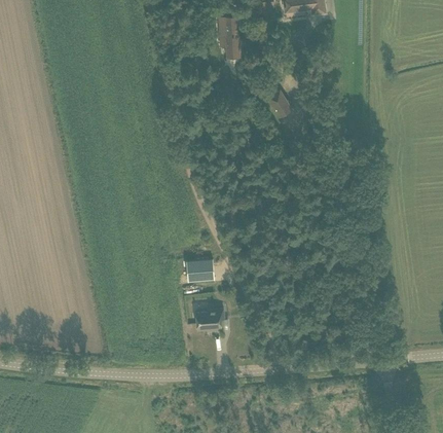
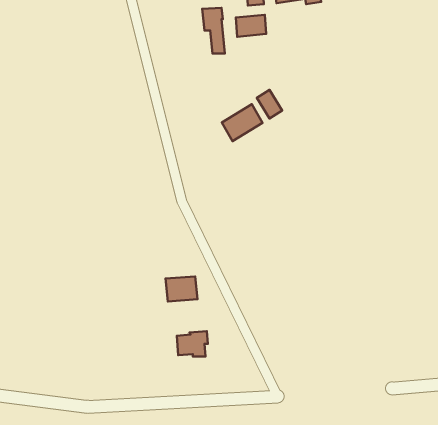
building: none -> [236,15,266,37]
building: none -> [222,104,262,141]

